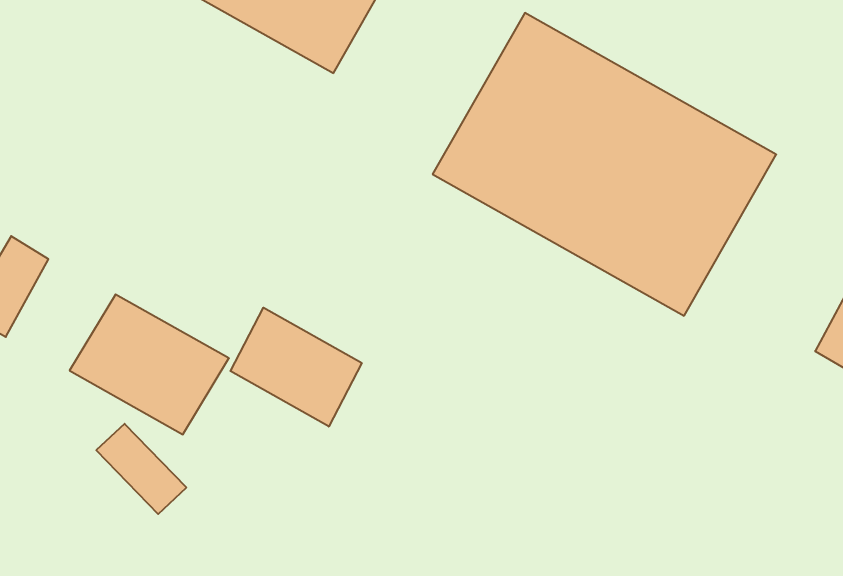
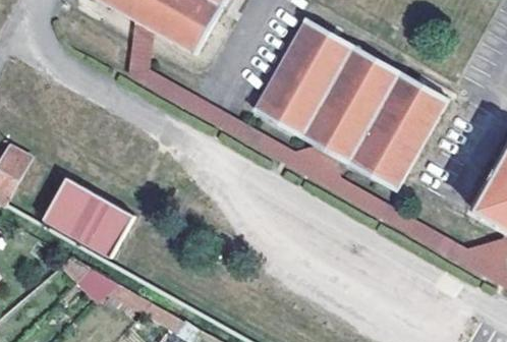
building: [230,308,362,427] -> none

